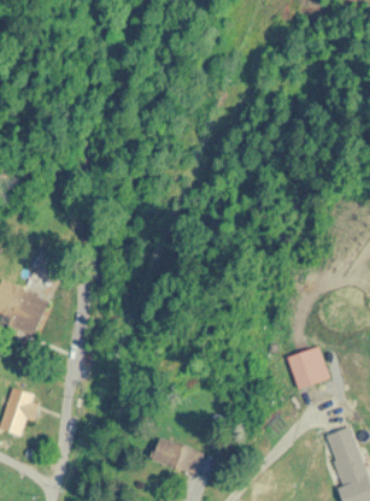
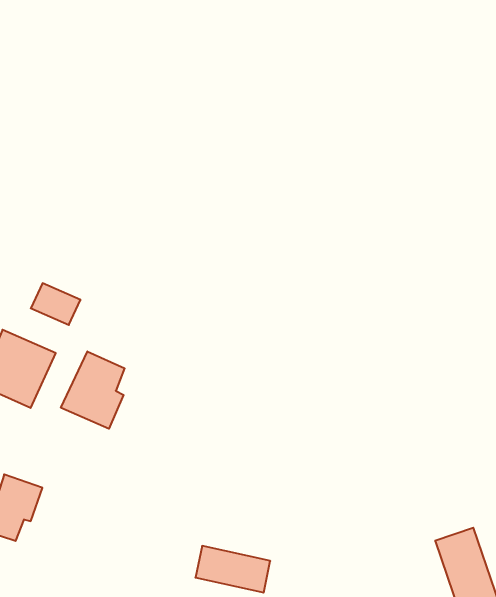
building: none -> [61,351,125,429]
building: [287,347,330,390] -> none

